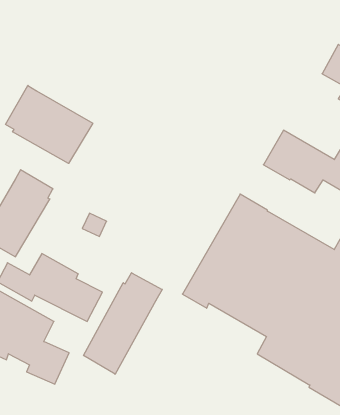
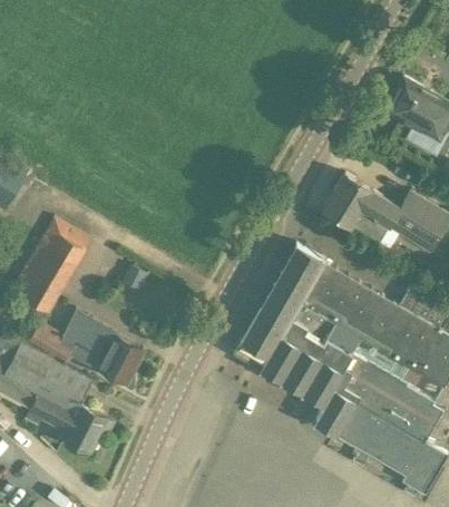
building: [6,85,93,163] -> none
building: [84,273,162,374] -> none

